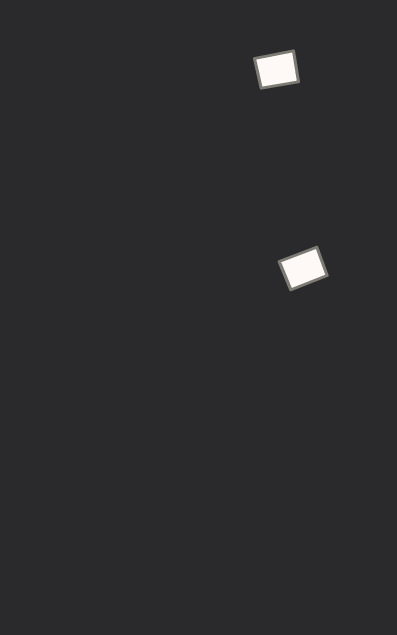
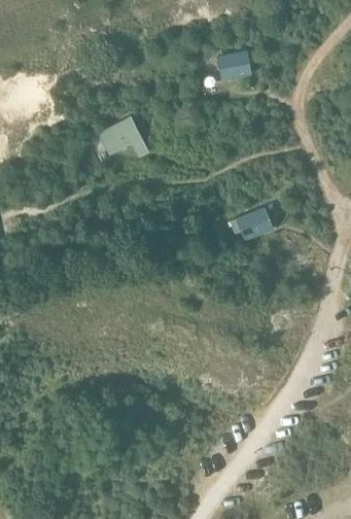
building: none -> [98,118,137,155]

